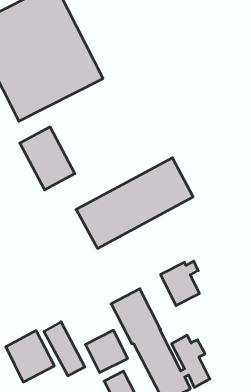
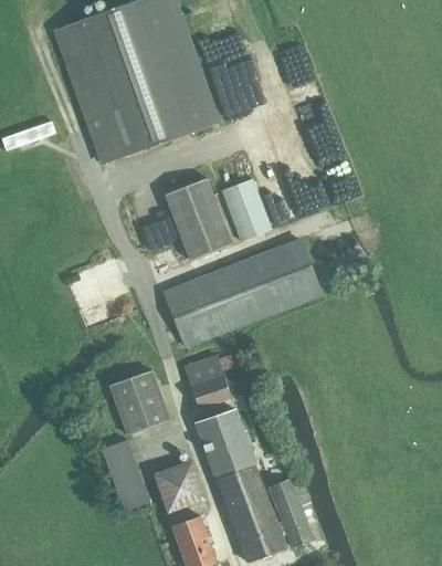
building: none -> [221,178,272,241]
building: [20,127,75,190] -> [165,178,233,261]
building: [161,261,199,306] -> [183,354,234,410]
building: [6,331,54,382] -> [109,369,171,436]

